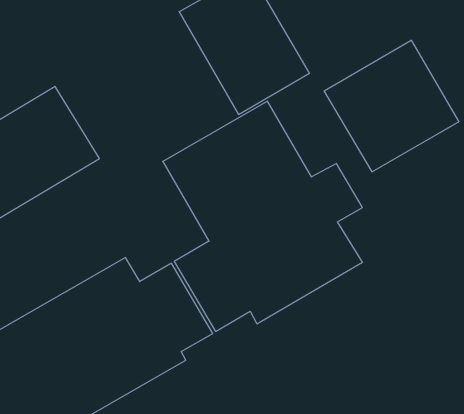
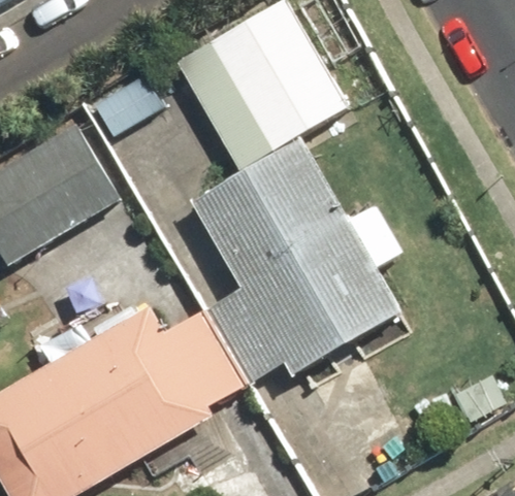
building: [324,40,459,172] -> none

